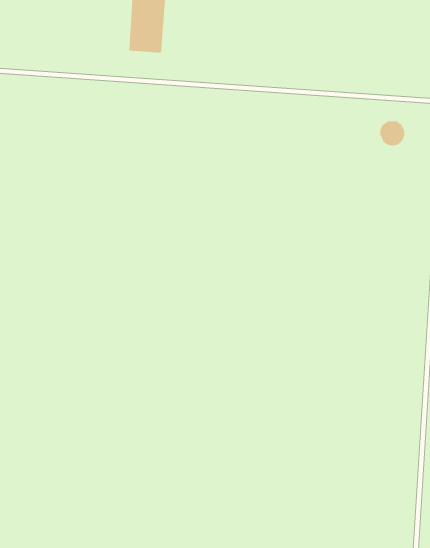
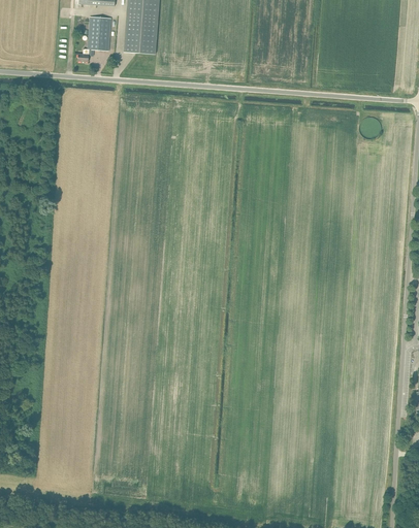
building: none -> [77,14,111,60]

